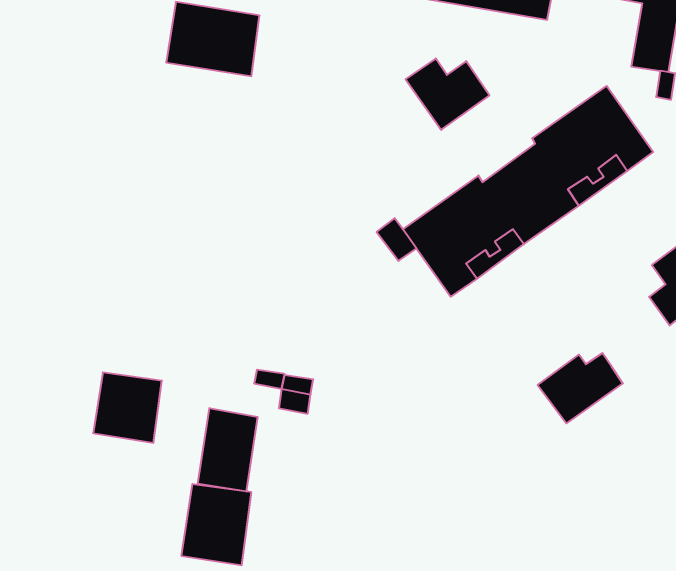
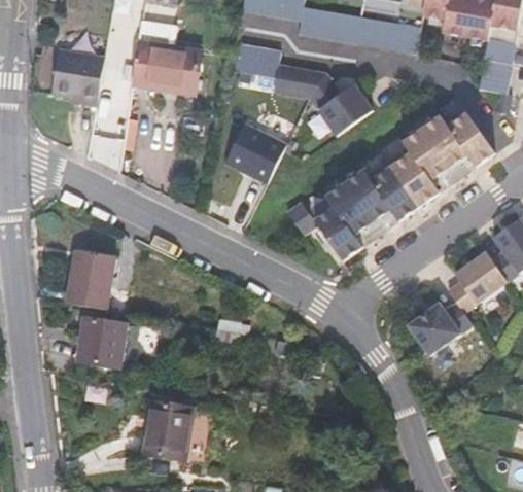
building: none -> [230,43,332,98]
building: none -> [50,49,103,105]
building: none -> [224,125,285,183]
building: none -> [66,249,114,310]
building: none -> [447,252,507,313]
building: [198,408,258,492] -> none

